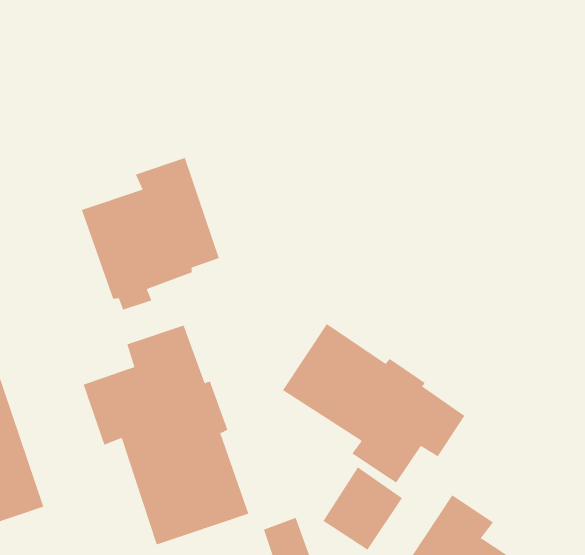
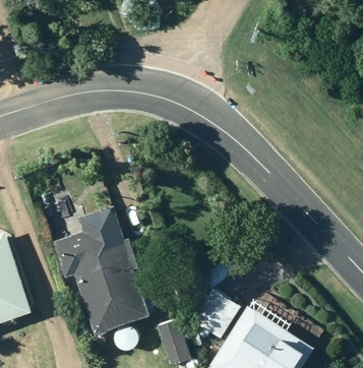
building: [81,157,219,310] -> none
building: [282,323,465,484] -> none

